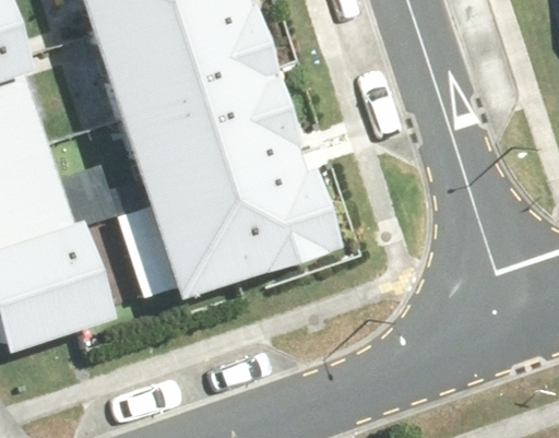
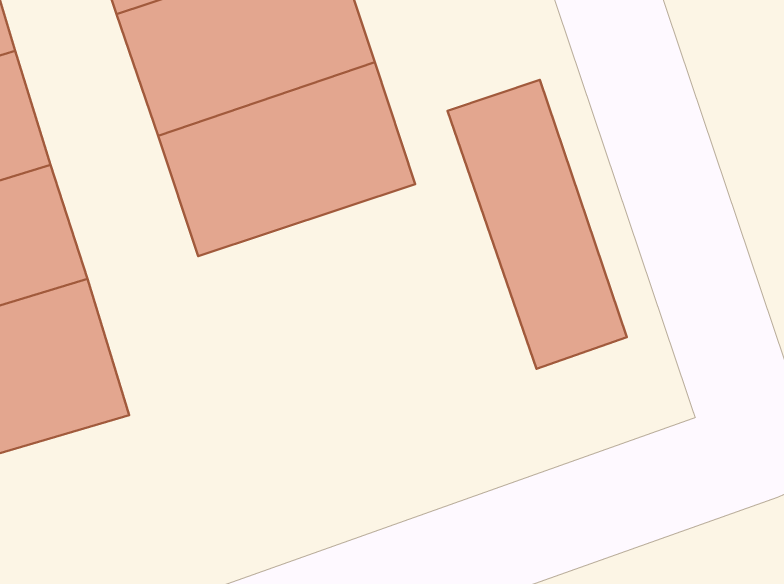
building: none -> [448,80,627,369]
building: [151,161,326,293] -> none

